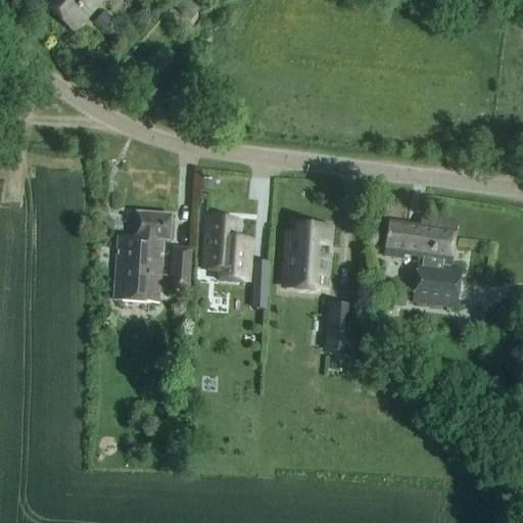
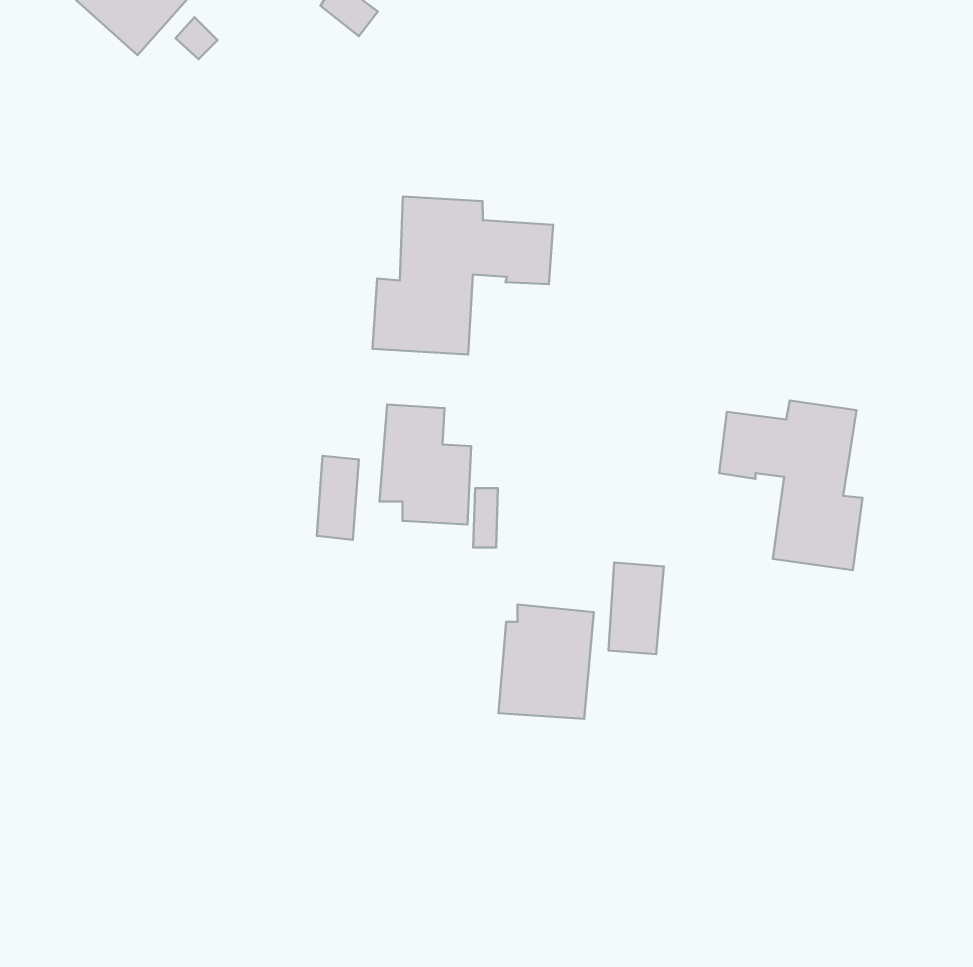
building: none -> [372,197,553,354]
building: [114,210,173,302] -> none
building: [281,221,332,282] -> [498,605,594,719]

